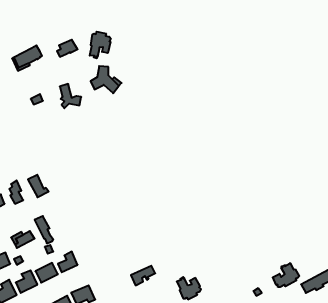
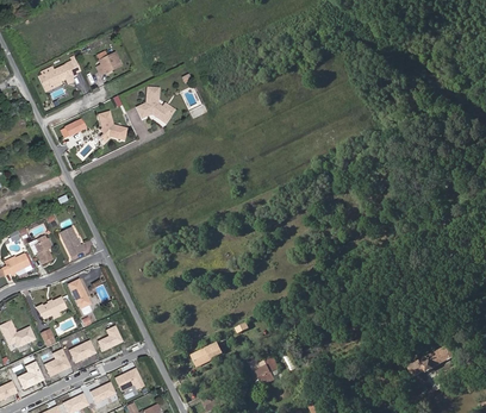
building: [90,32,111,58] -> none
building: [273,263,299,287] -> none

